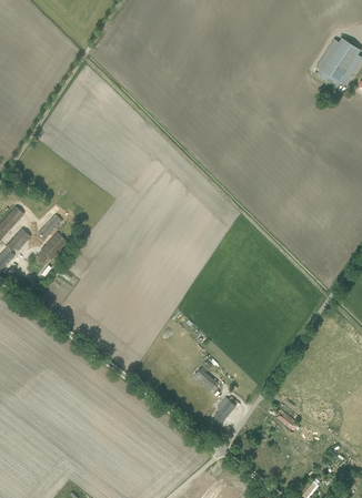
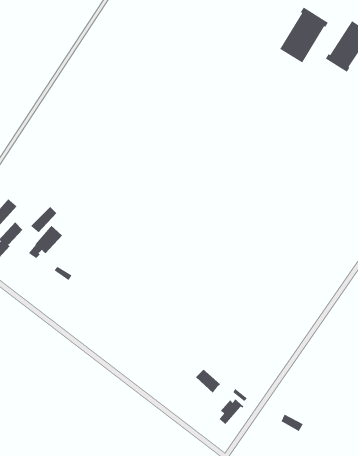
building: none -> [279,6,329,64]

